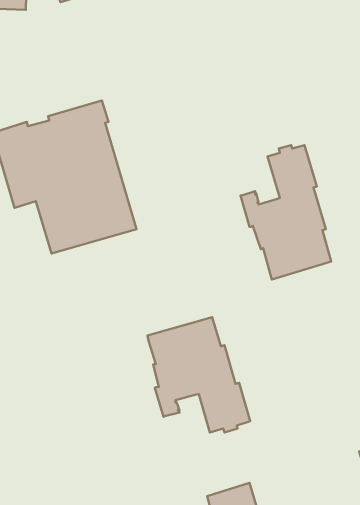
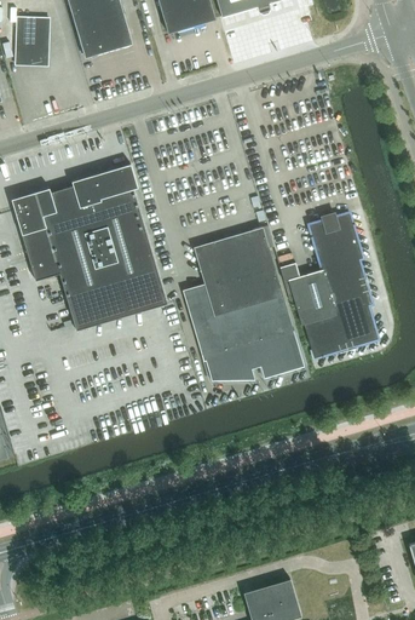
building: none -> [185,226,304,380]
building: [147,317,250,433] -> none

